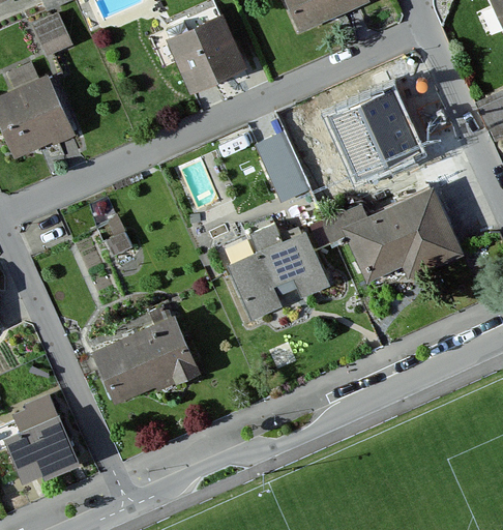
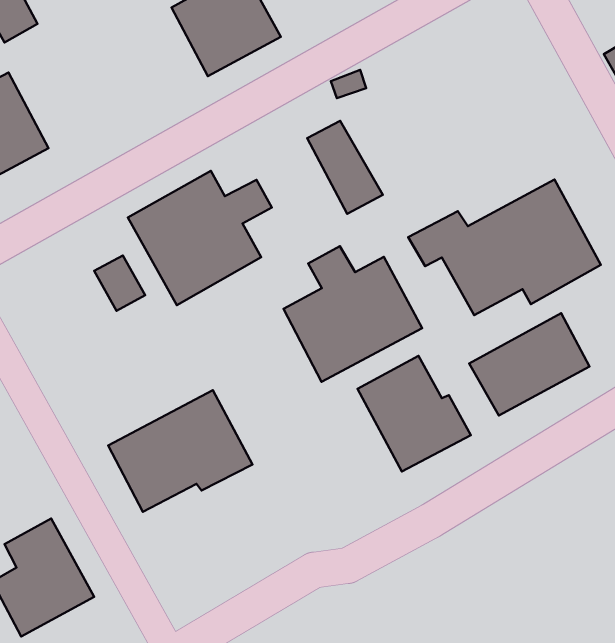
building: [324,80,424,183] -> none
building: none -> [128,171,272,305]
building: none -> [469,313,590,415]
building: none -> [358,356,471,472]

